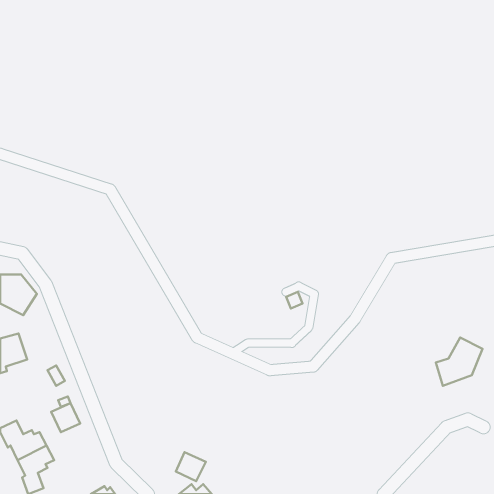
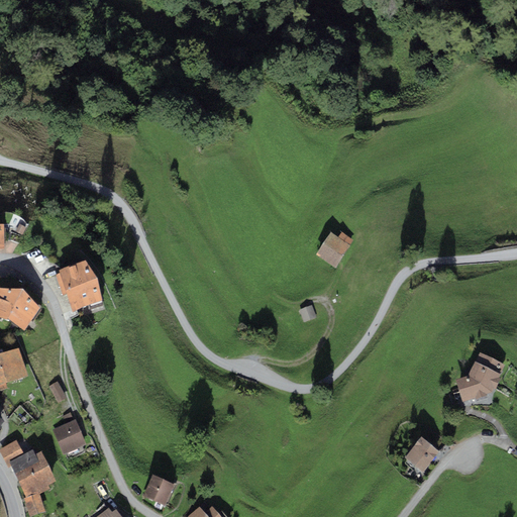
building: none -> [316,232,353,267]
building: none -> [55,260,101,311]
building: none -> [405,436,438,471]
building: [176,452,206,481] -> [143,475,175,505]

